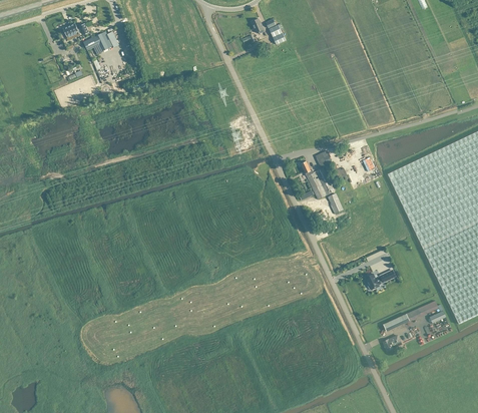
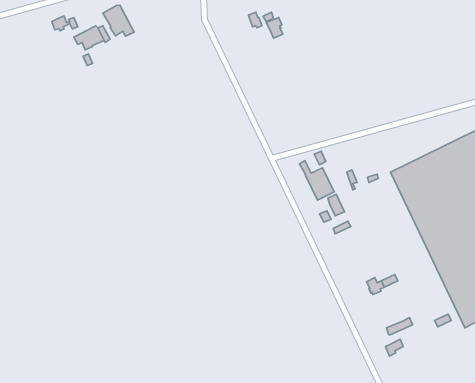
building: none -> [103,5,134,36]

